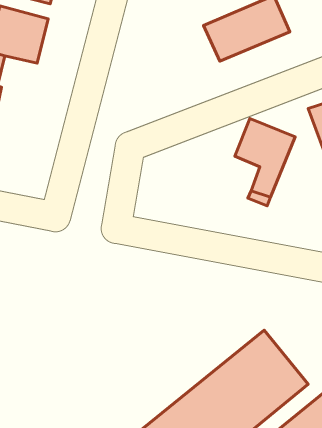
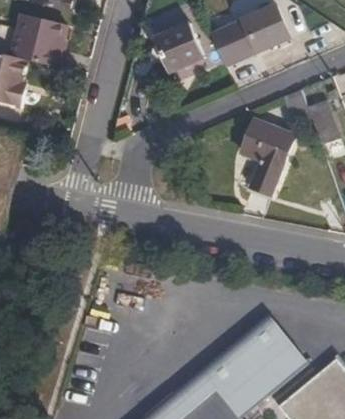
building: none -> [154,23,204,73]

